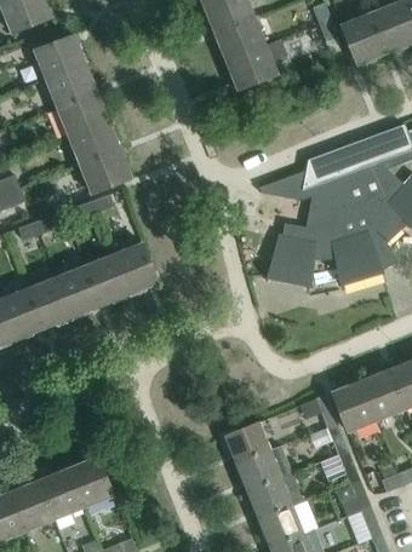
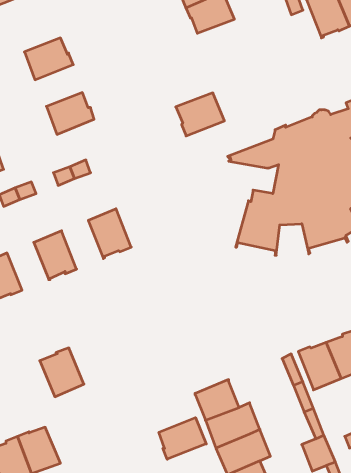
building: [34,34,84,79] -> none
building: [227,45,277,90] -> [176,93,224,136]
building: [57,92,107,136] -> none
building: [80,149,131,194] -> none
building: [85,254,128,305] -> none
building: [28,277,71,327] -> none
building: [68,456,114,507] -> [40,348,84,397]
building: none -> [159,418,206,459]

